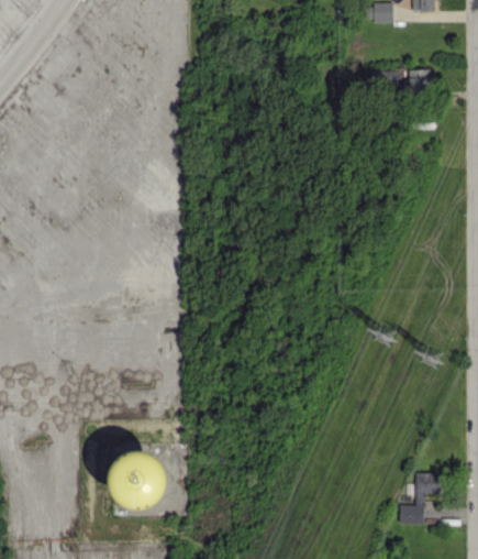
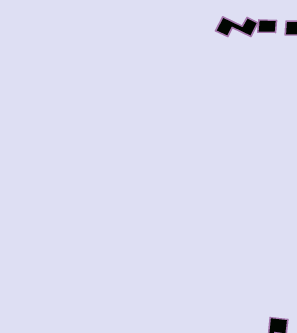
building: none -> [215,17,258,36]

